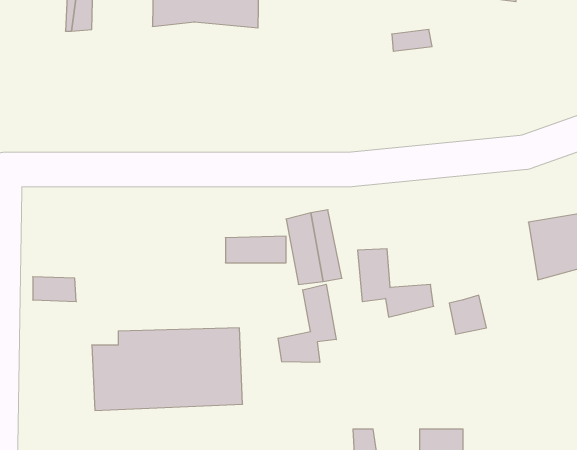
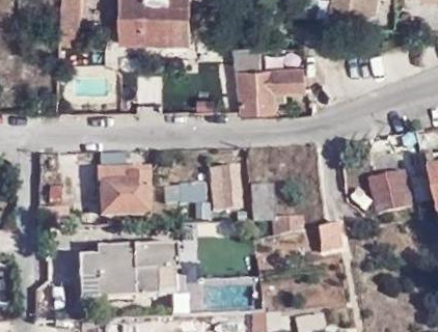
building: none -> [234,46,304,112]
building: none -> [94,165,150,213]
building: [278,284,336,362] -> none

